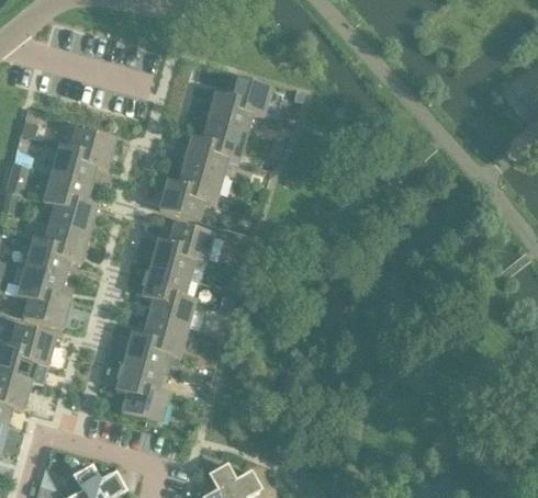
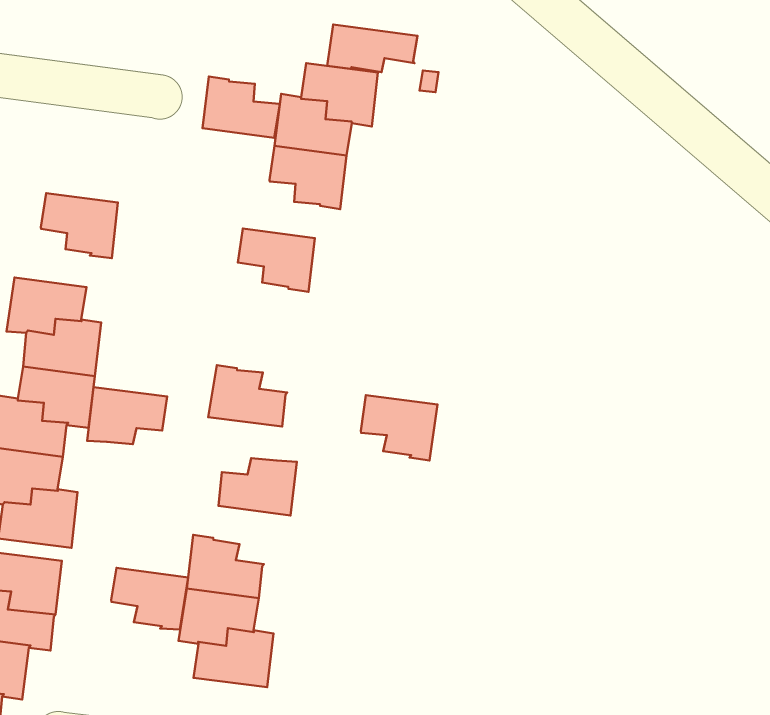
building: none -> [327,24,418,72]
building: [183,134,228,173] -> [202,76,280,138]
building: [52,144,97,183] -> none
building: [159,178,204,218] -> none
building: [169,220,214,262] -> [361,395,438,461]
building: [142,265,190,301] -> [87,387,167,444]
building: [143,316,188,355] -> [111,568,188,630]

